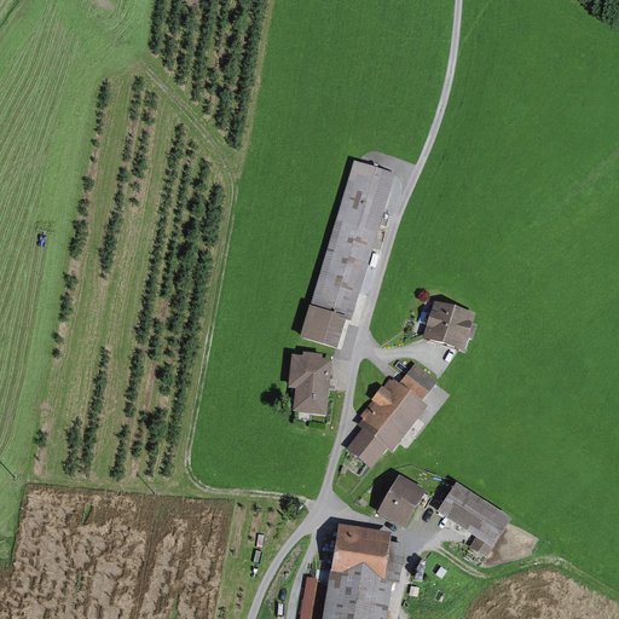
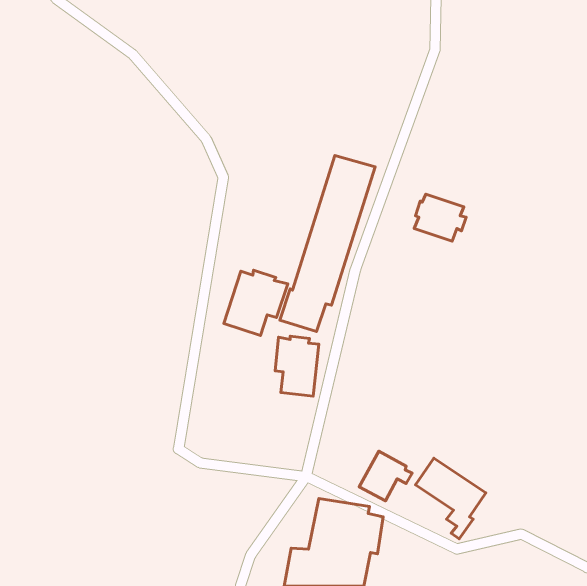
building: none -> [224,270,288,336]
building: [423,300,478,349] -> [414,194,466,241]
building: [348,364,440,470] -> none

